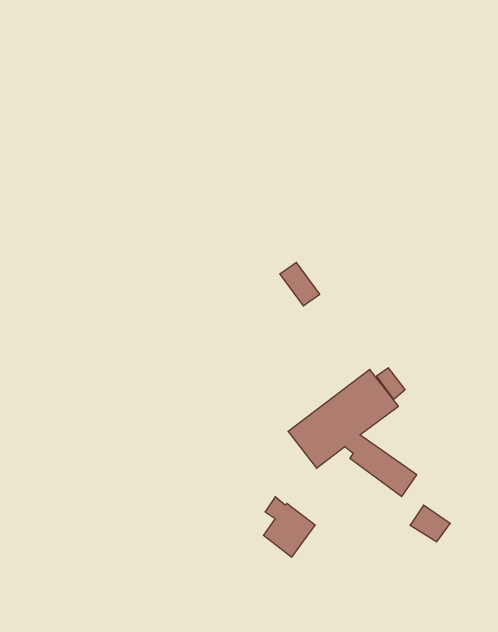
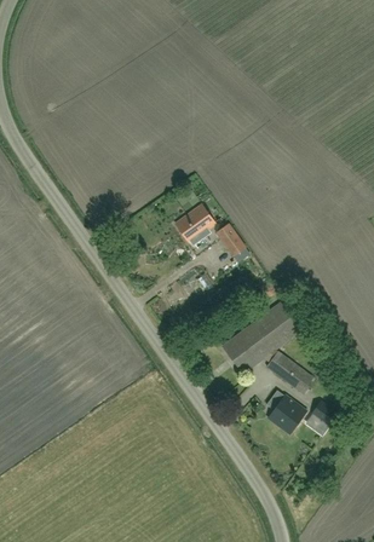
building: none -> [174,204,215,243]
building: [263,497,315,557] -> [267,391,305,434]

